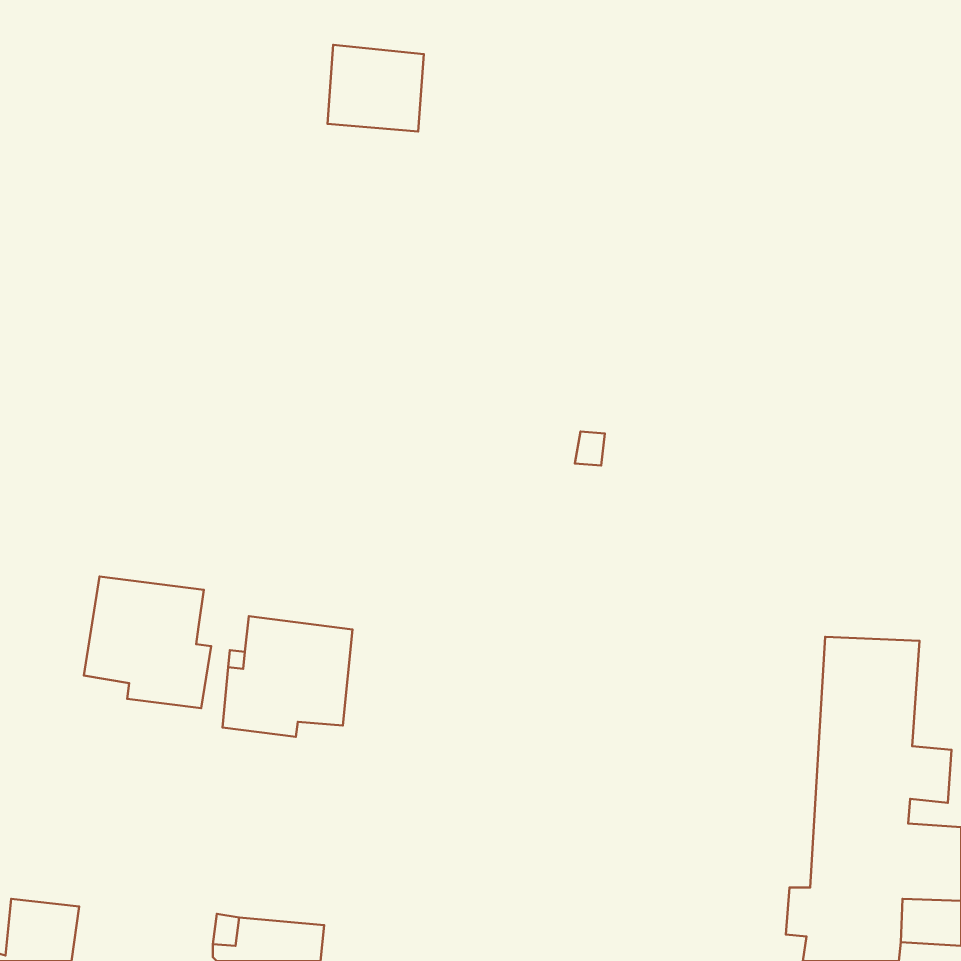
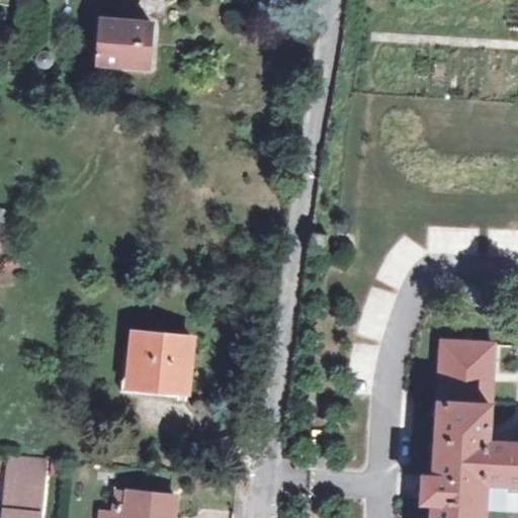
building: [328,45,424,132] -> [100,19,152,66]
building: [84,577,211,708] -> none
building: none -> [6,455,45,487]

